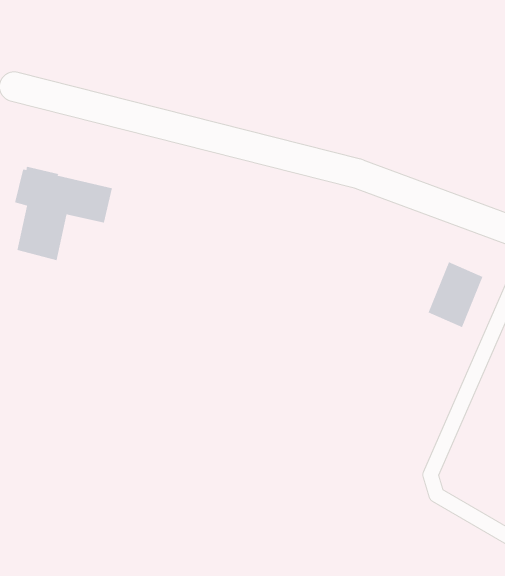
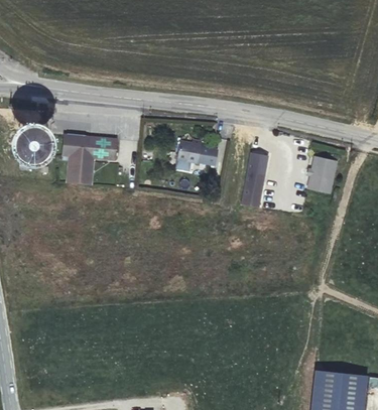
building: none -> [176,141,218,167]
building: none -> [241,153,267,209]

